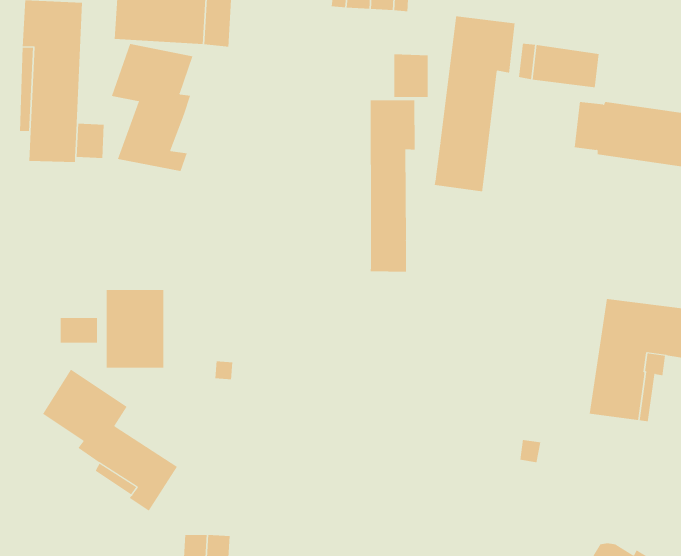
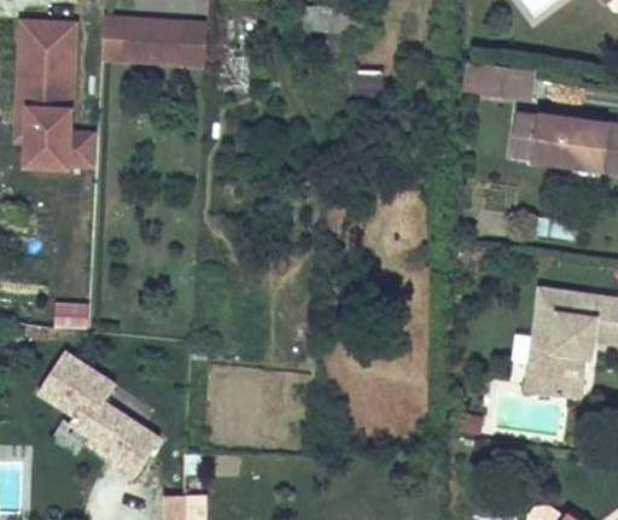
building: [434,16,515,192] -> none
building: [111,43,193,172] -> none
building: [370,99,415,273] -> none
building: [106,289,164,369] -> none

